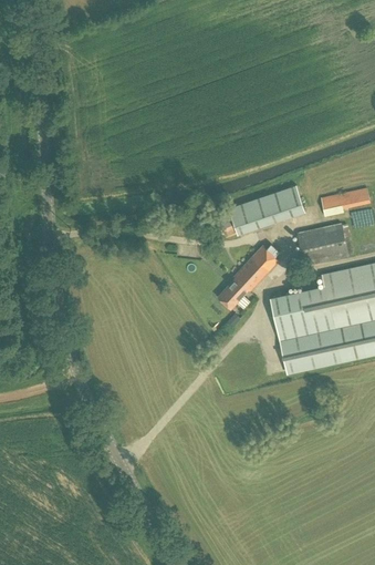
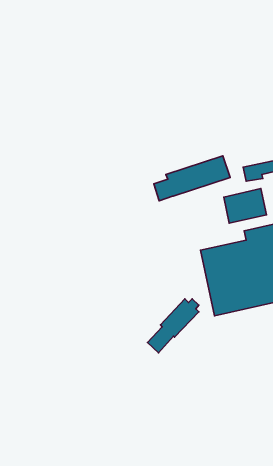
building: [217,244,278,308] -> [147,299,199,353]

